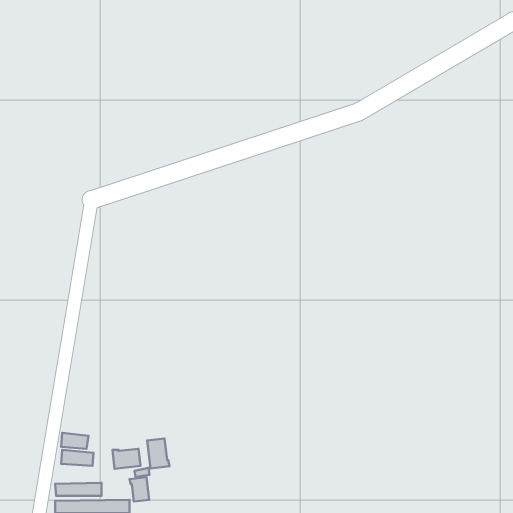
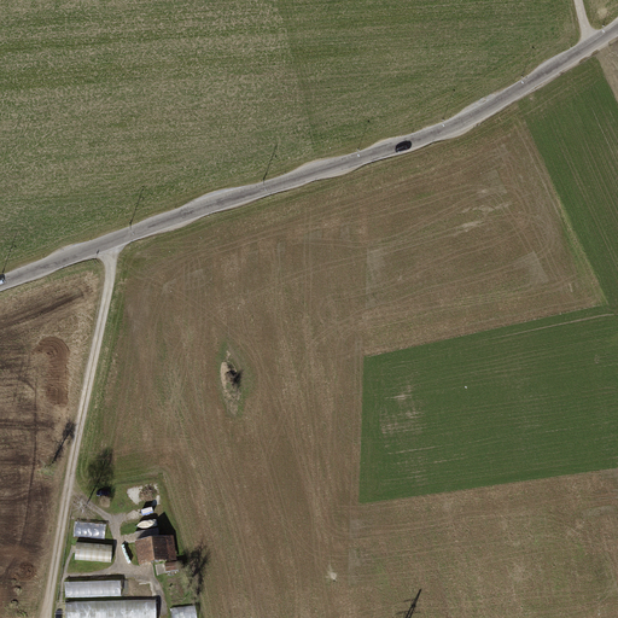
building: [147,438,170,469] -> none
building: [130,477,149,501] -> none

